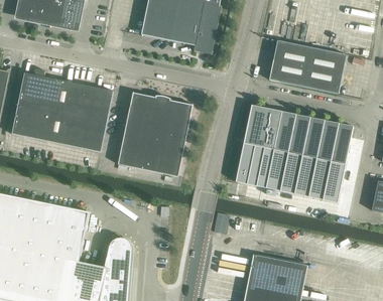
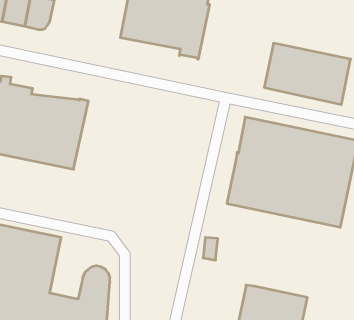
building: [117,92,192,176] -> none

